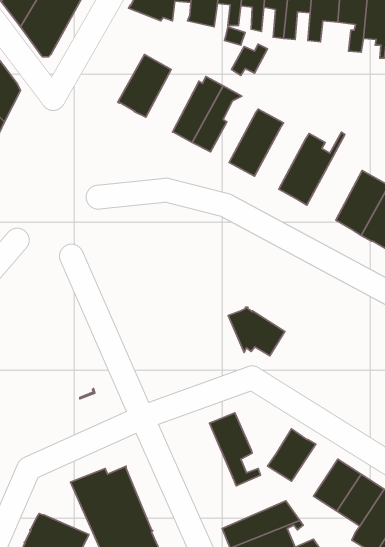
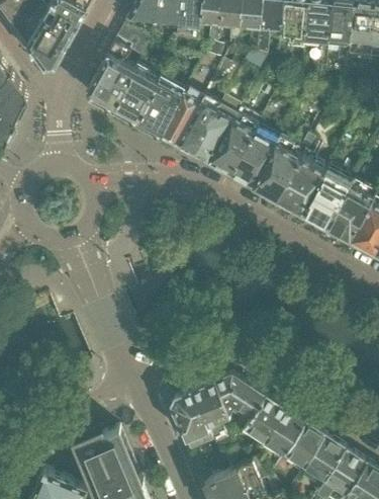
building: none -> [86,27,149,109]
building: none -> [135,81,181,136]
building: none -> [192,104,231,162]
building: none -> [230,123,279,185]
building: none -> [276,138,324,213]
building: [228,307,285,356] -> [213,373,263,416]
building: none -> [170,390,212,448]
building: none -> [263,408,303,453]

